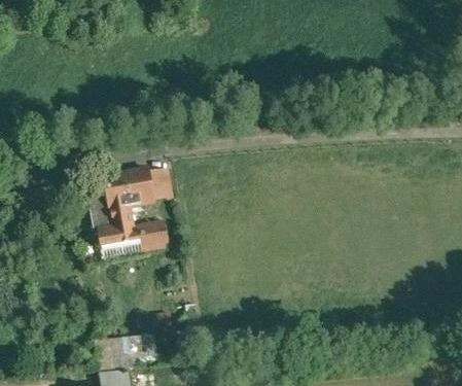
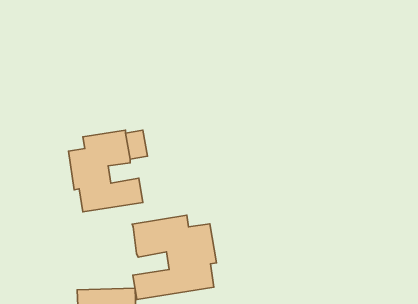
building: none -> [132,215,217,300]

